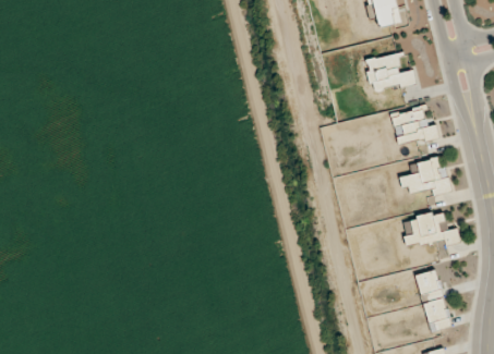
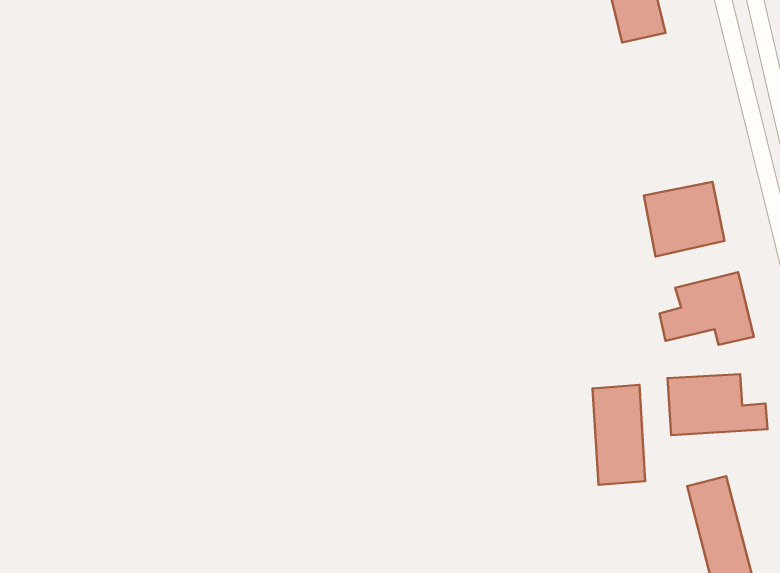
building: [364,53,417,94] -> none
building: none -> [592,385,645,485]

